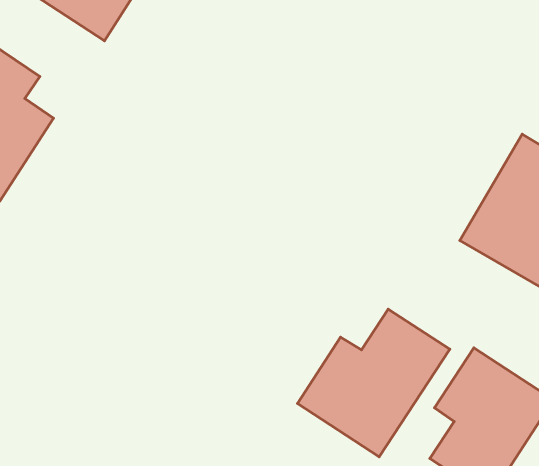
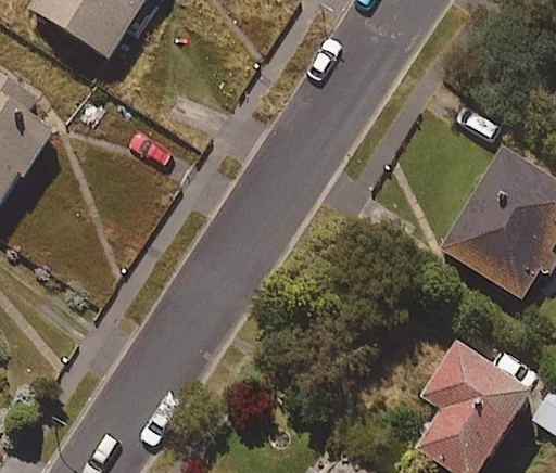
building: [297,309,450,457] -> none

